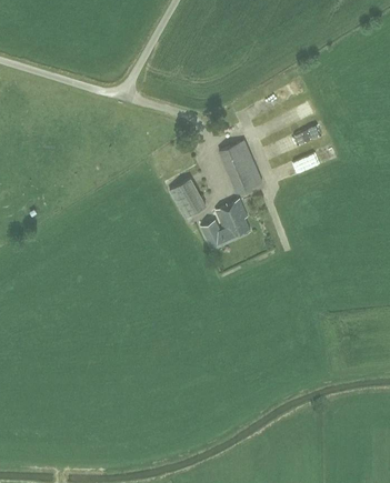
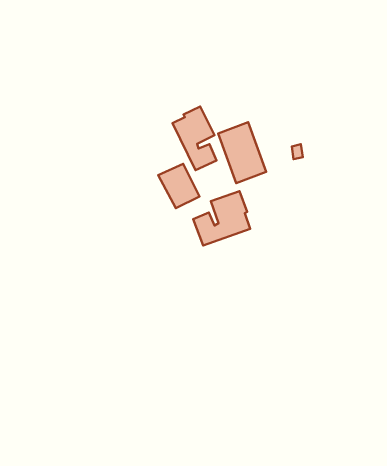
building: none -> [172,107,217,170]

